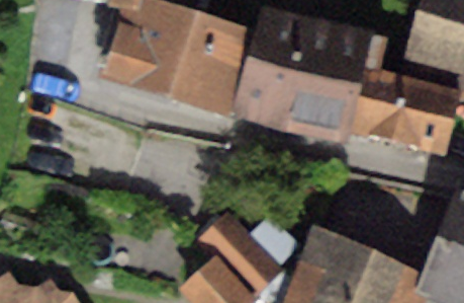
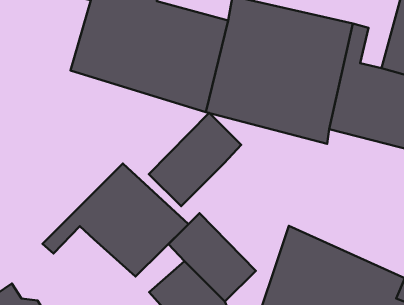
building: none -> [149,113,241,206]
building: none -> [43,164,188,276]

